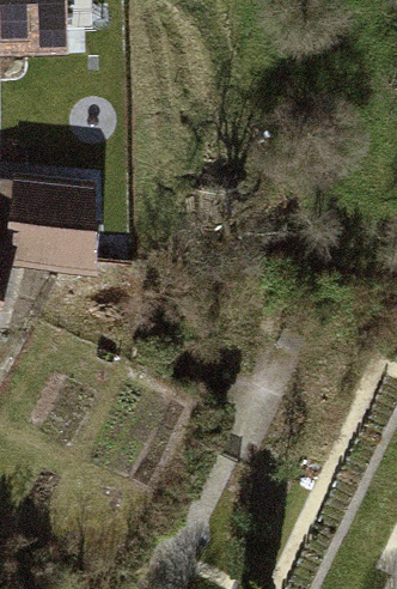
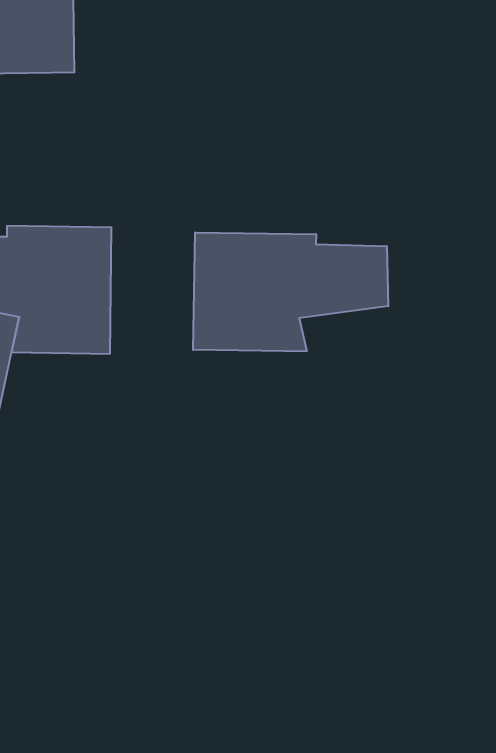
building: none -> [193,232,388,351]

